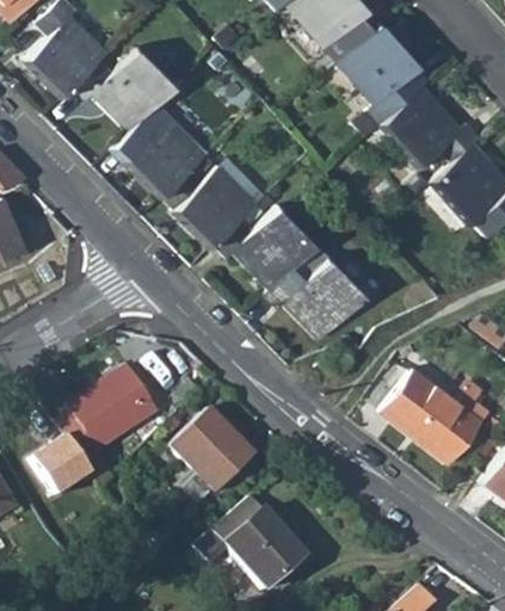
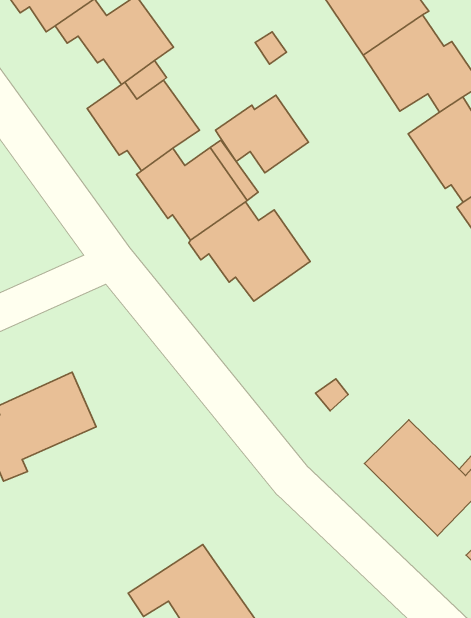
building: none -> [215,95,308,173]
building: [258,260,363,344] -> none
building: [167,408,250,492] -> none

